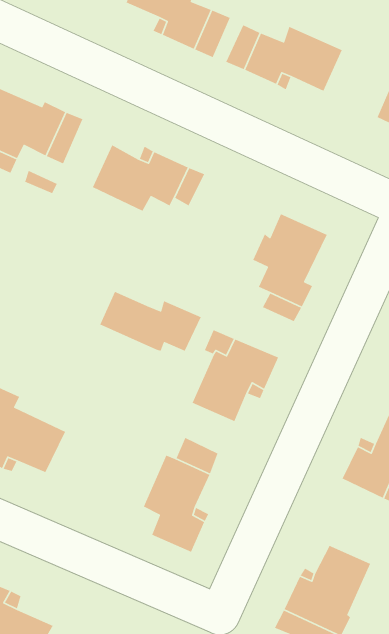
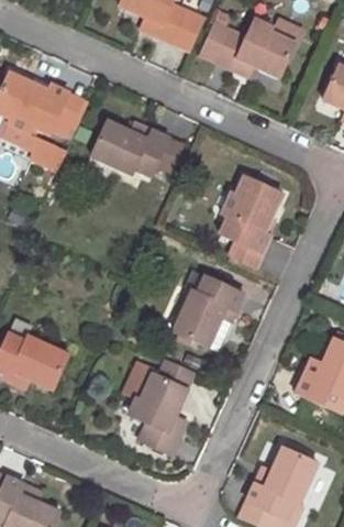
building: [99,291,202,352] -> none

